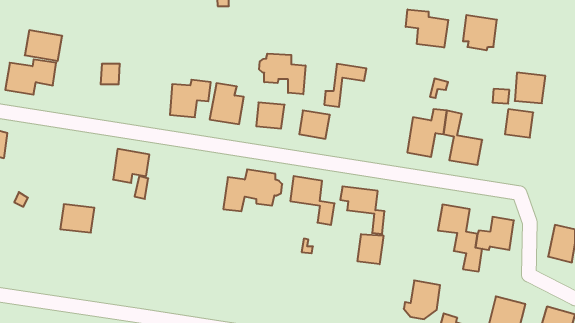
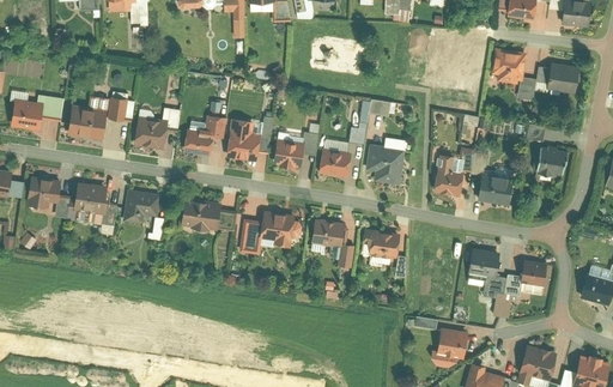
building: [406,9,448,48] -> none
building: [25,30,62,61] -> [67,107,107,139]
building: [259,54,305,94] -> none
building: [515,73,545,103] -> [548,61,581,93]
building: none -> [133,108,180,150]
building: none -> [366,145,406,186]
building: none -> [26,177,60,208]
building: none -> [181,199,236,231]
building: [60,204,94,233] -> [72,182,108,212]
building: [358,234,383,264] -> none

